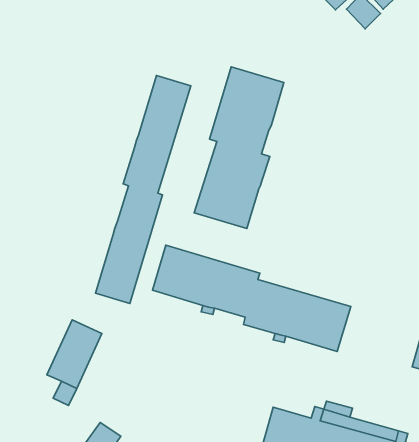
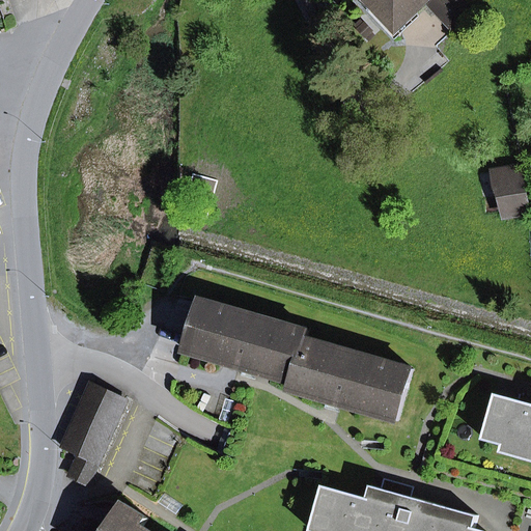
building: [194,67,284,229] -> none
building: [96,76,191,303] -> none

